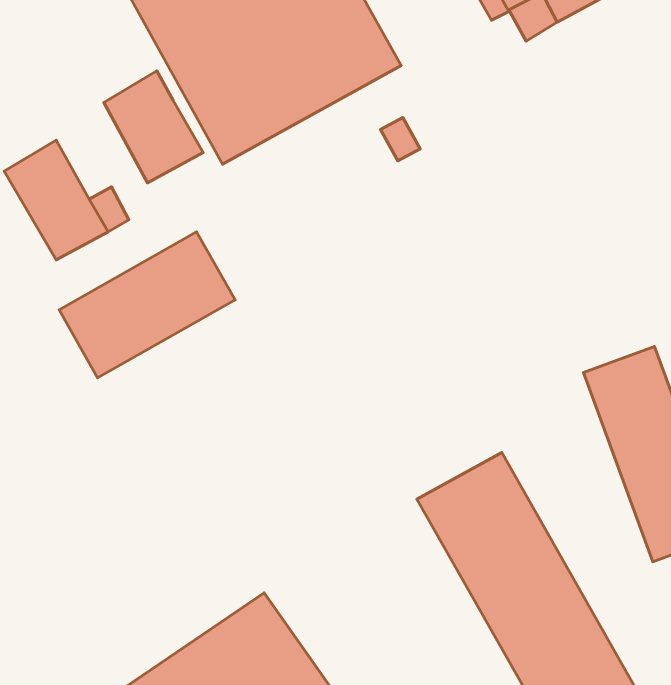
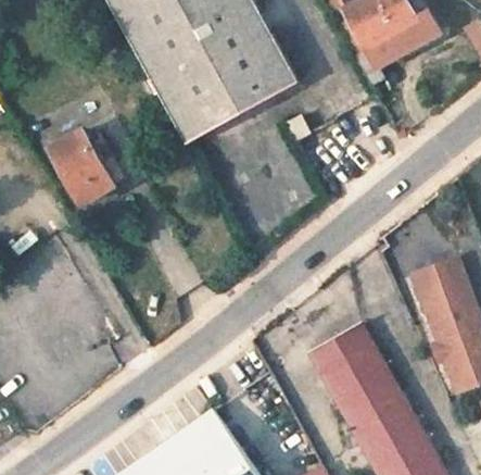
building: [104,71,203,183] -> none
building: [59,232,235,378] -> none

